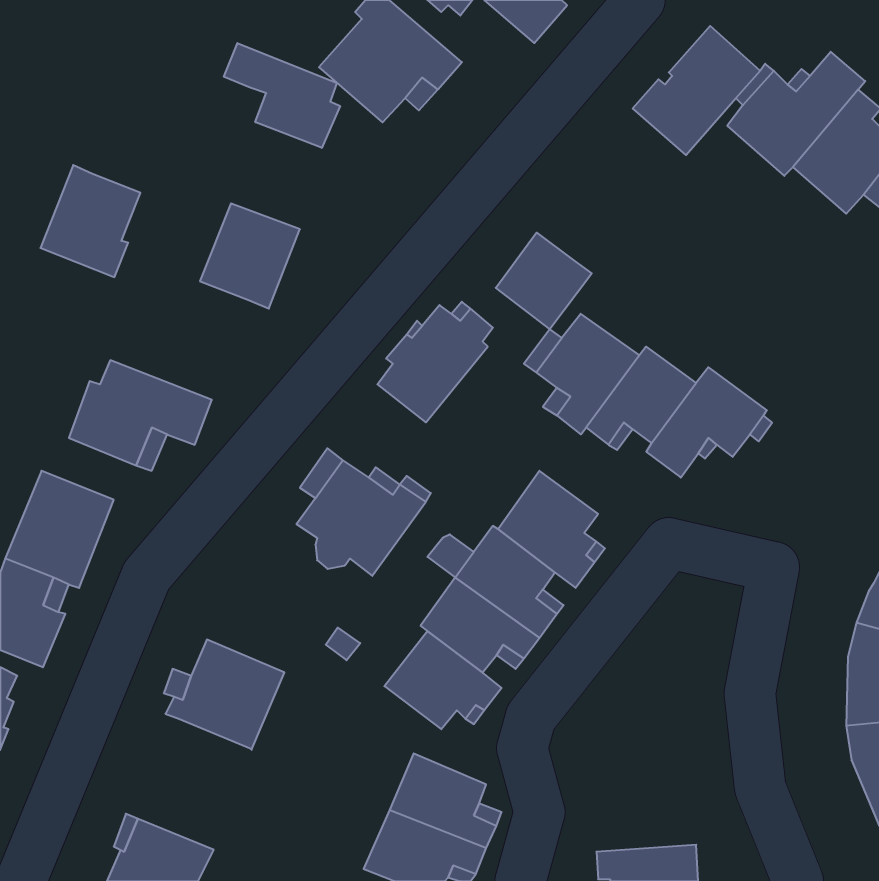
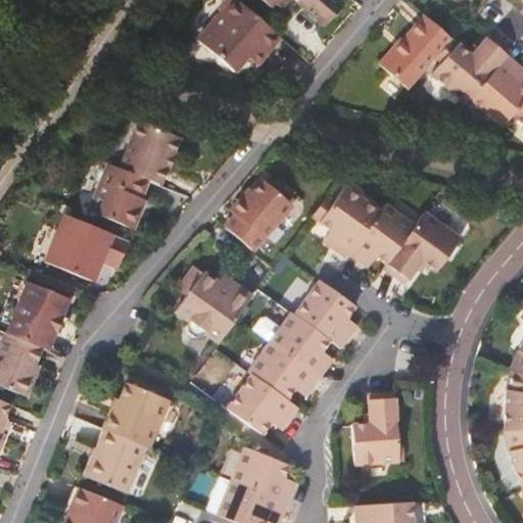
building: [224,43,340,148] -> none
building: [40,165,140,277] -> [89,161,148,228]
building: [496,233,592,329] -> none
building: none -> [353,392,400,464]
building: none -> [88,426,149,491]

